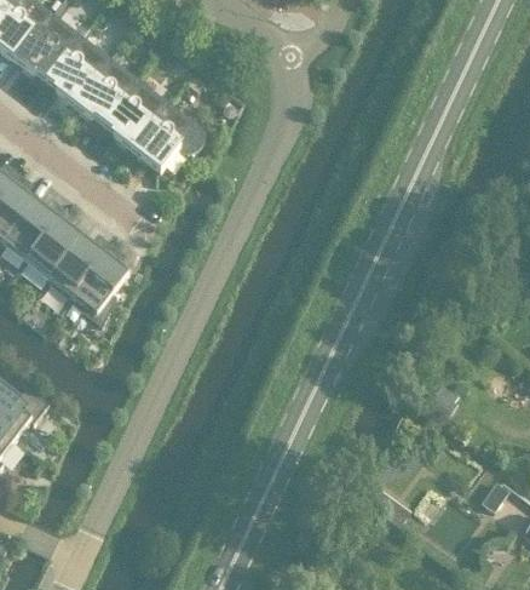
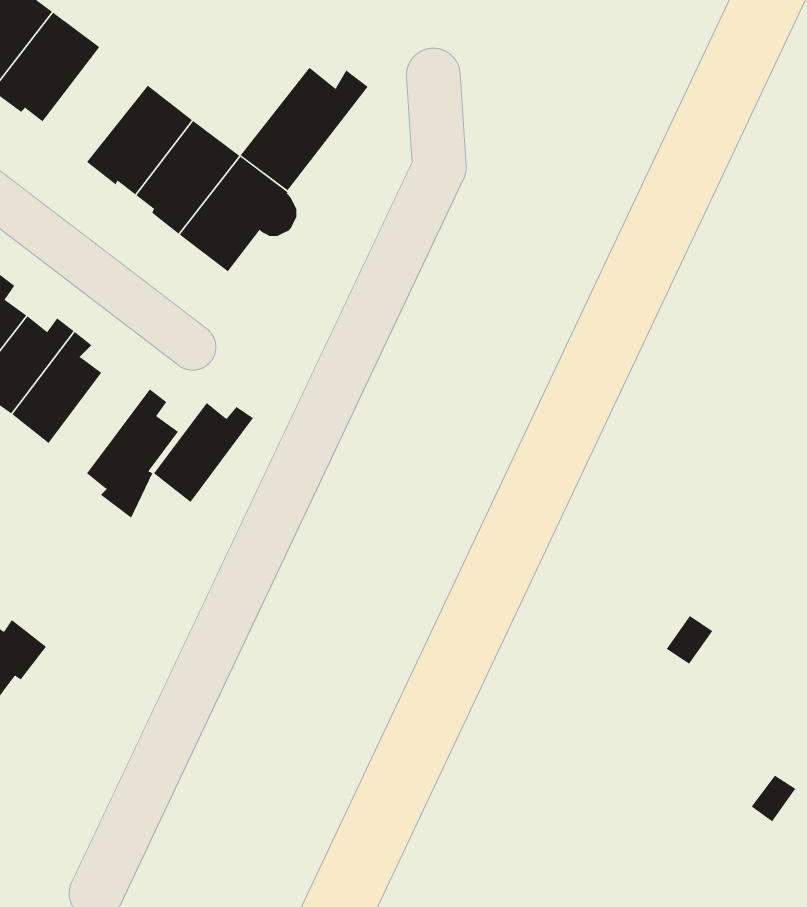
building: [42,35,106,105] -> none
building: none -> [240,67,369,191]
building: [46,235,108,297] -> [153,402,254,503]

